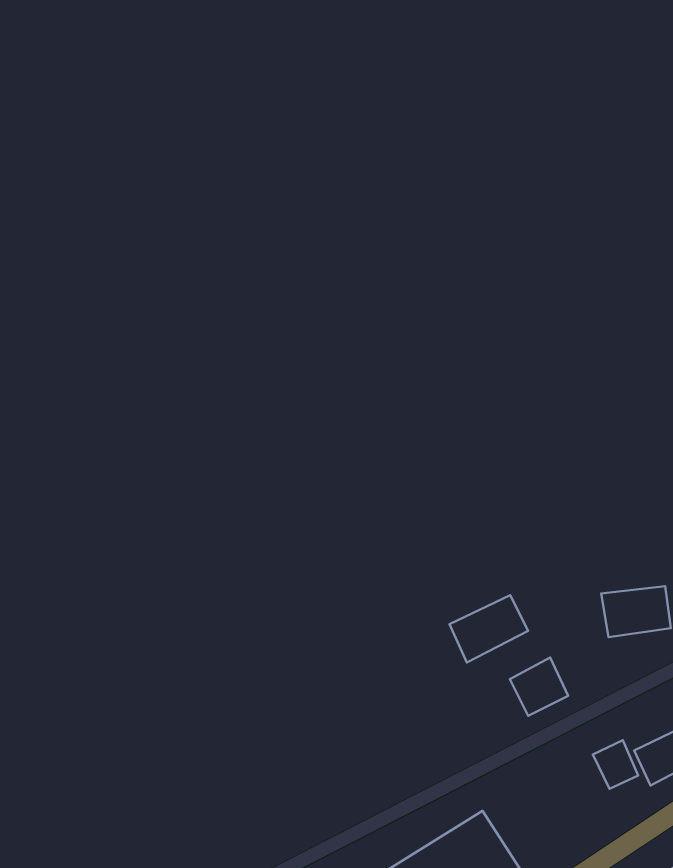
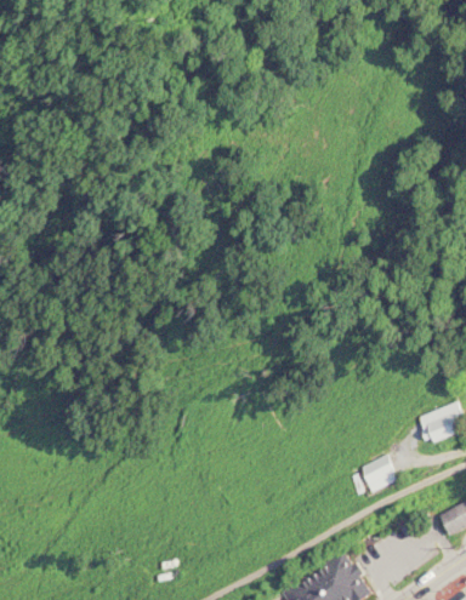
building: [450,595,528,663] -> none
building: [593,740,638,789] -> none

